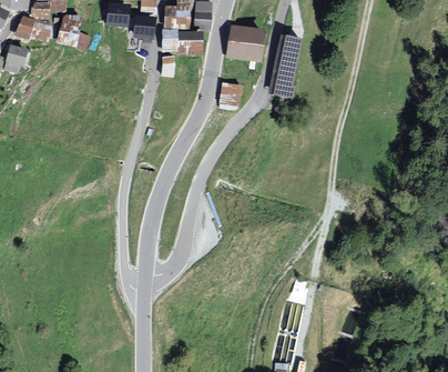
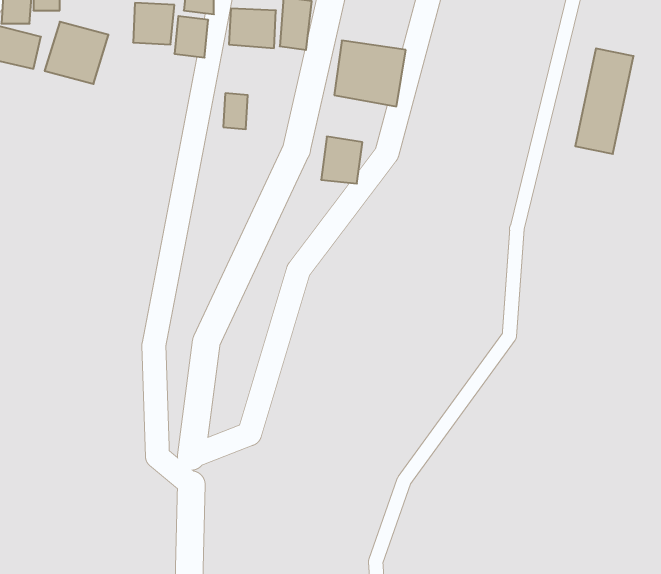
building: [161,29,204,56] -> none
building: [269,34,304,97] -> [575,48,634,154]

